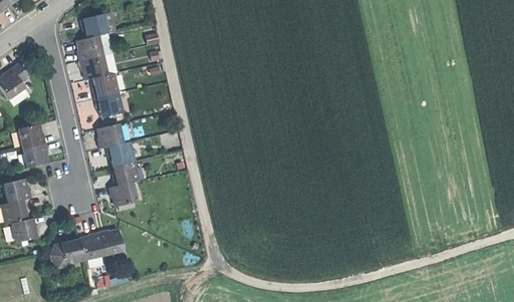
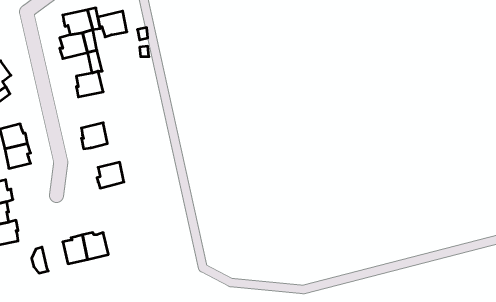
building: [79,55,107,80] -> [98,11,127,37]
building: [94,93,122,117] -> none
building: [106,141,135,167] -> none
building: [108,183,137,206] -> none
building: [59,239,84,265] -> none

